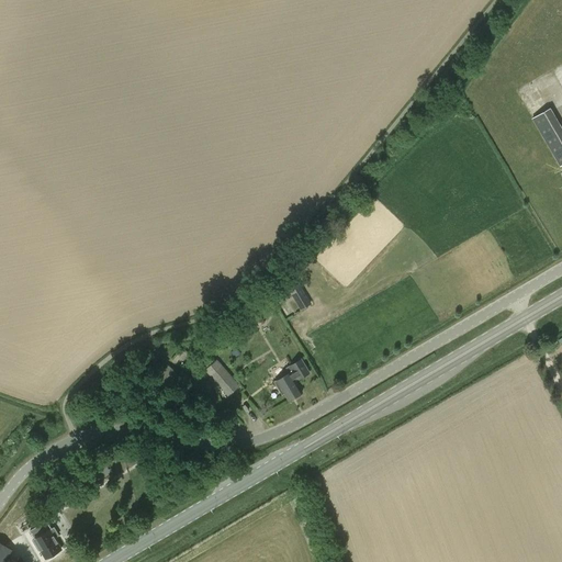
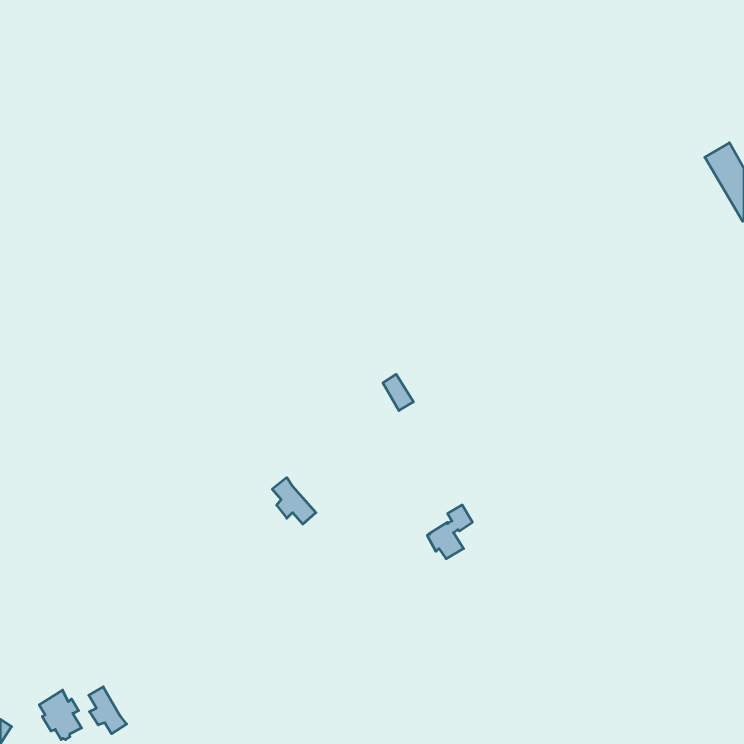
building: [276,359,310,400] -> [427,505,472,559]
building: none -> [89,687,127,734]

